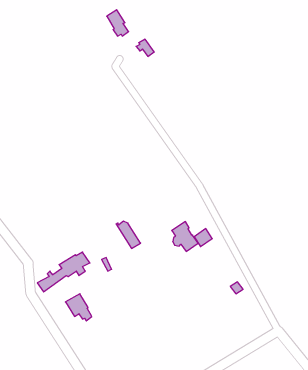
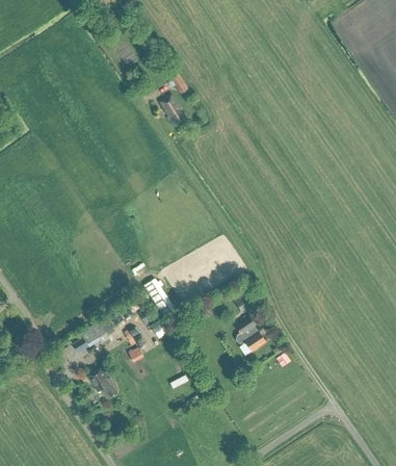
building: [107,10,129,36] -> [160,95,185,125]
building: [172,222,198,251] -> [236,317,266,352]

